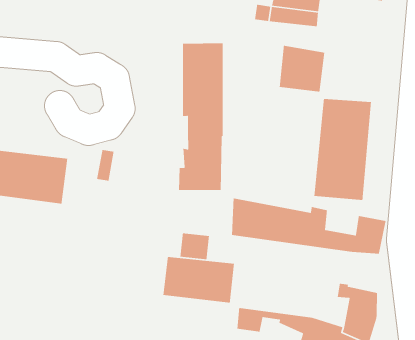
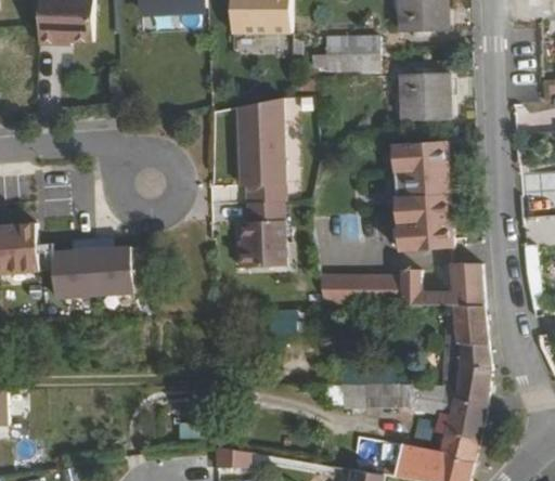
building: [279,45,325,93] -> [399,73,447,119]
building: none -> [451,303,486,344]
building: [163,256,235,304] -> none

